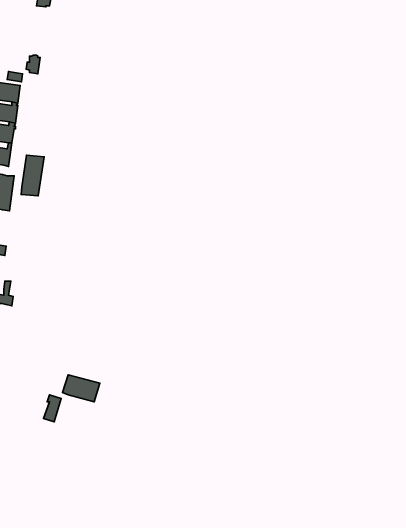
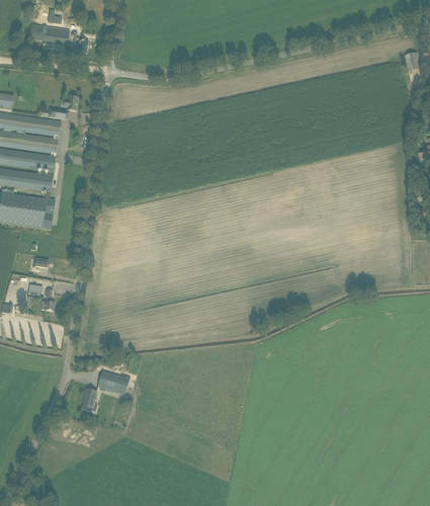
building: [21,155,44,196] -> none

